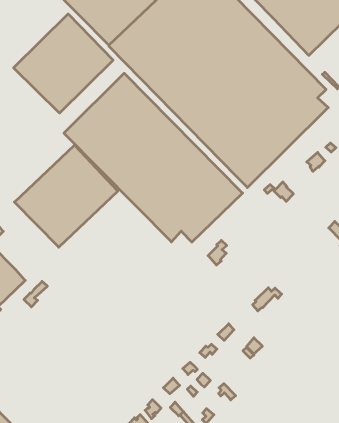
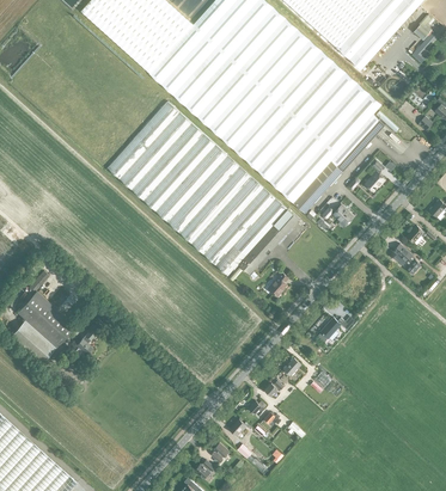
building: [14,14,113,113] -> none
building: [14,145,118,247] -> none

